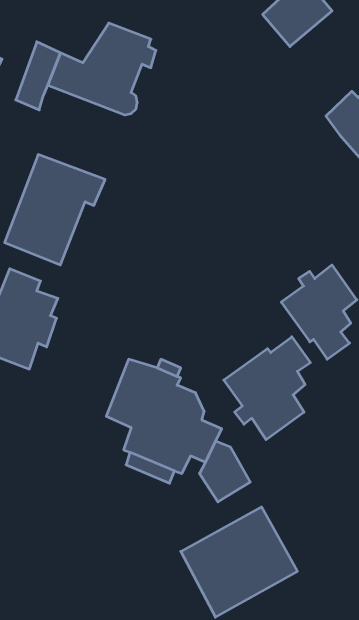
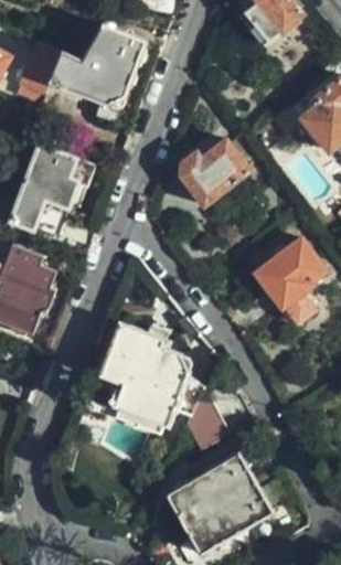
building: none -> [181,140,249,206]
building: [224,337,310,440] -> none

